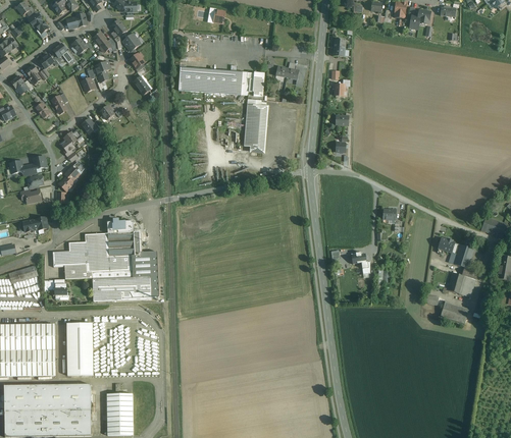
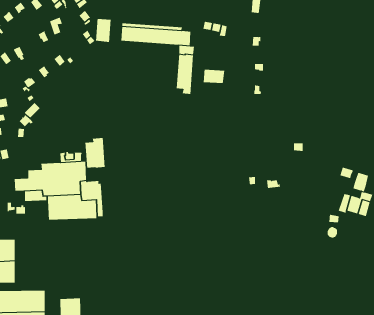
building: none -> [96,18,111,43]
building: none -> [203,69,225,84]
building: none -> [85,137,105,168]
building: [440,300,468,323] -> none
building: [66,322,93,375] -> none

